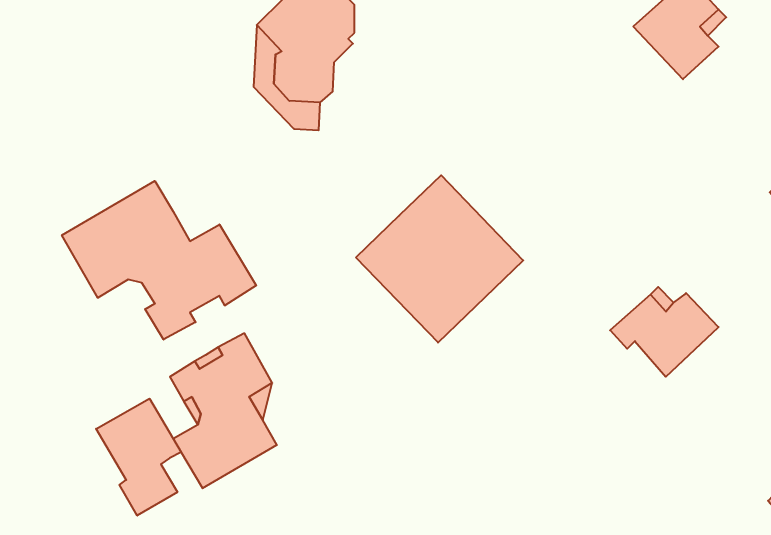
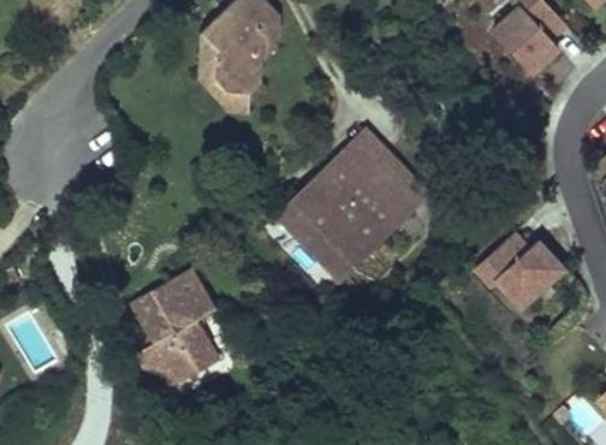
building: none -> [345,127,430,214]
building: [62,181,256,340] -> none
building: [96,399,181,516] -> none

